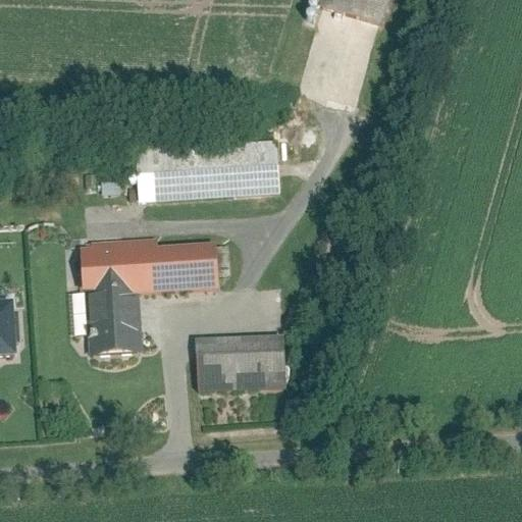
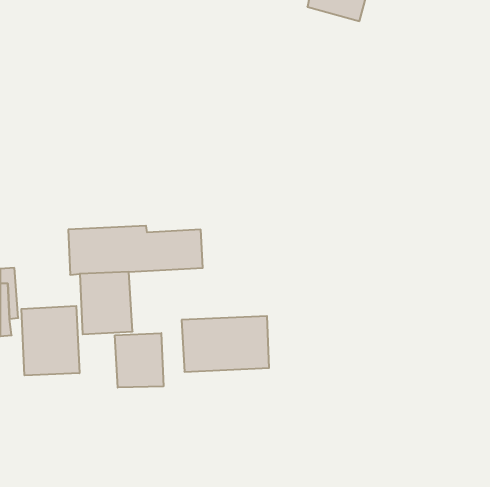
building: [138,139,281,201] -> none
building: none -> [21,306,79,375]
building: none -> [115,333,163,388]

